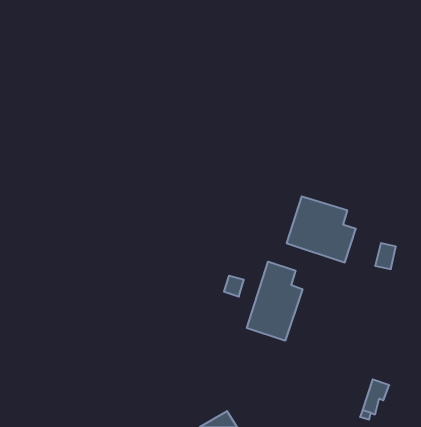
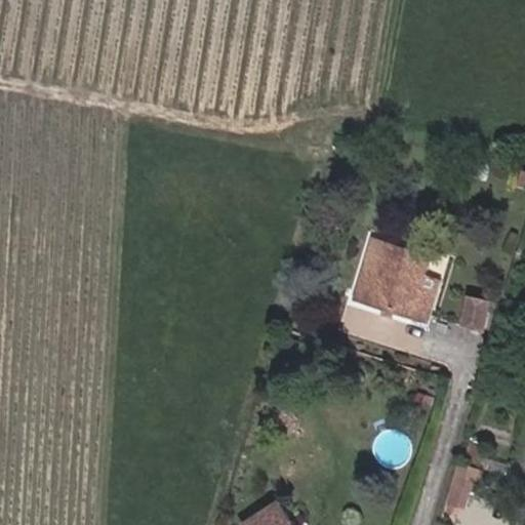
building: [247,262,302,341] -> none

